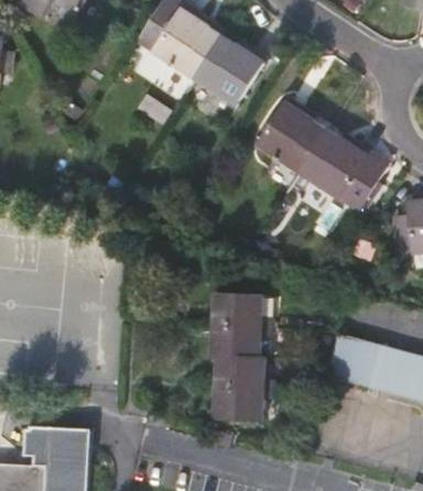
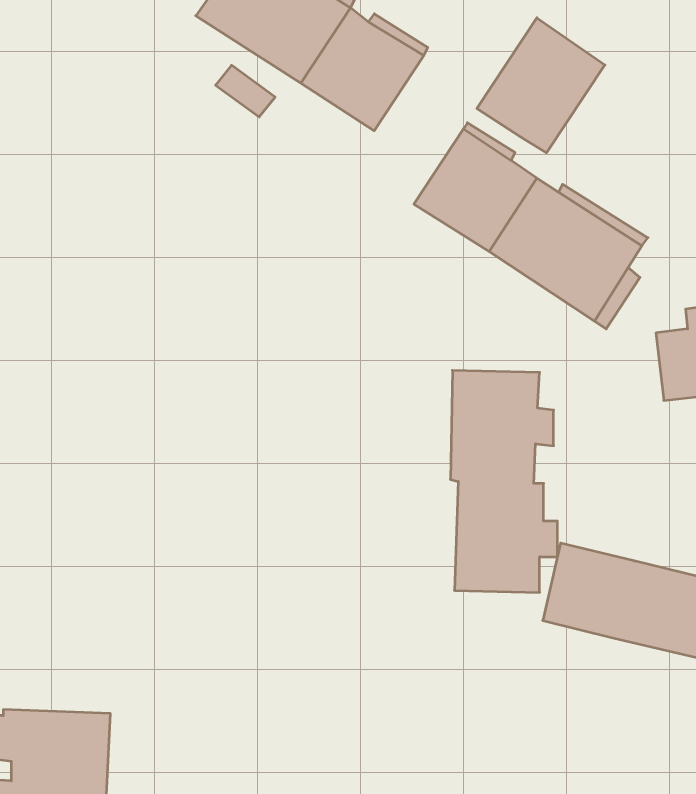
building: none -> [477,18,605,153]
building: [209,295,269,418] -> [450,370,557,592]

